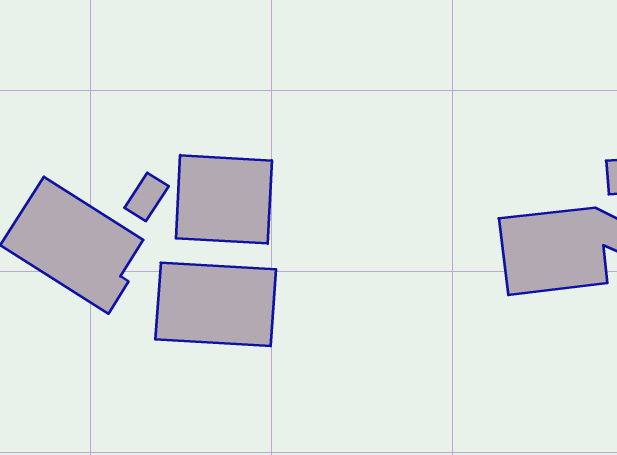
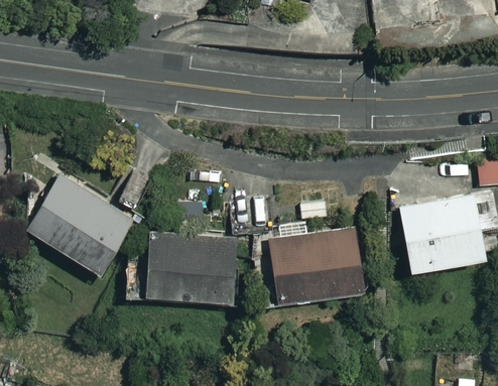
building: [176,155,272,244] -> none
building: none -> [269,228,361,297]

